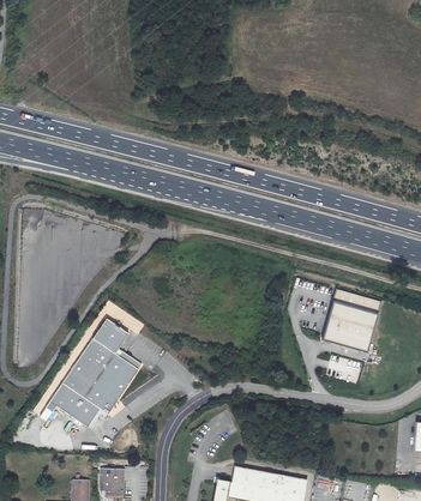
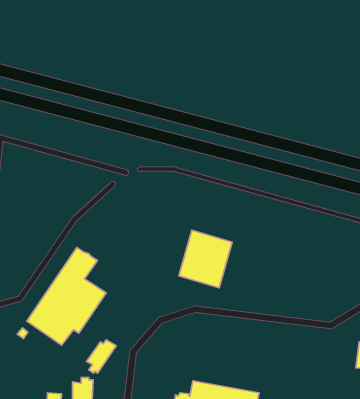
building: [323,289,381,352] -> [179,230,232,288]
building: none -> [86,340,116,373]

